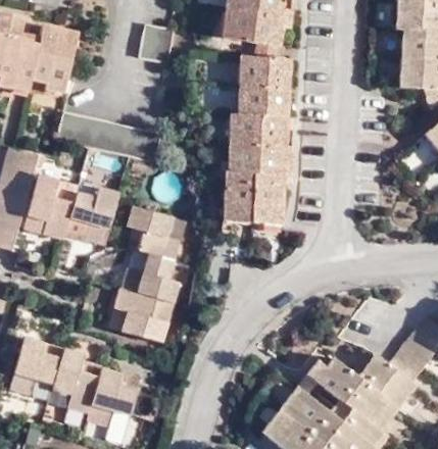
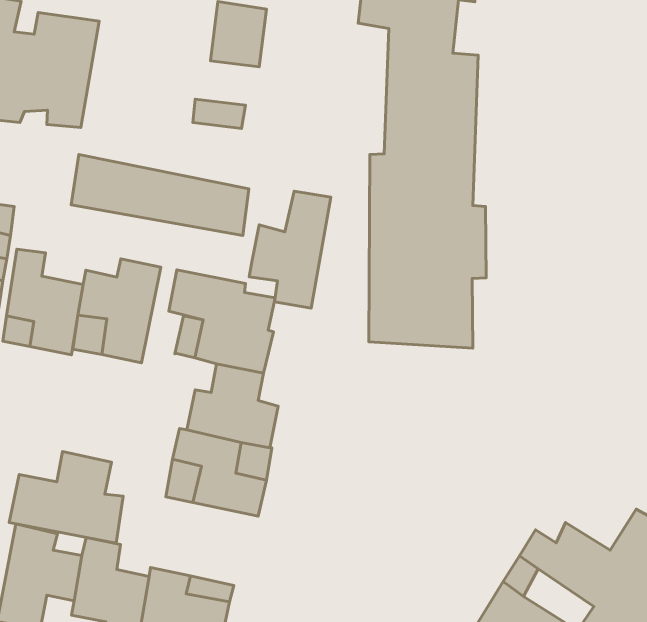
building: none -> [249,191,331,308]
building: none -> [9,452,123,543]

